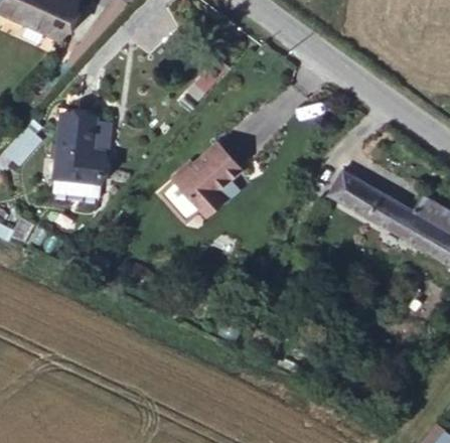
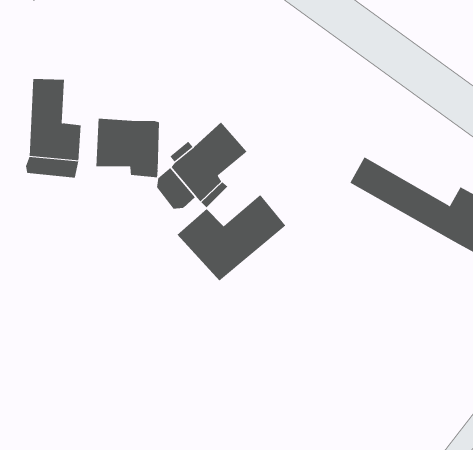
building: none -> [96,118,160,178]
building: none -> [177,194,286,281]

